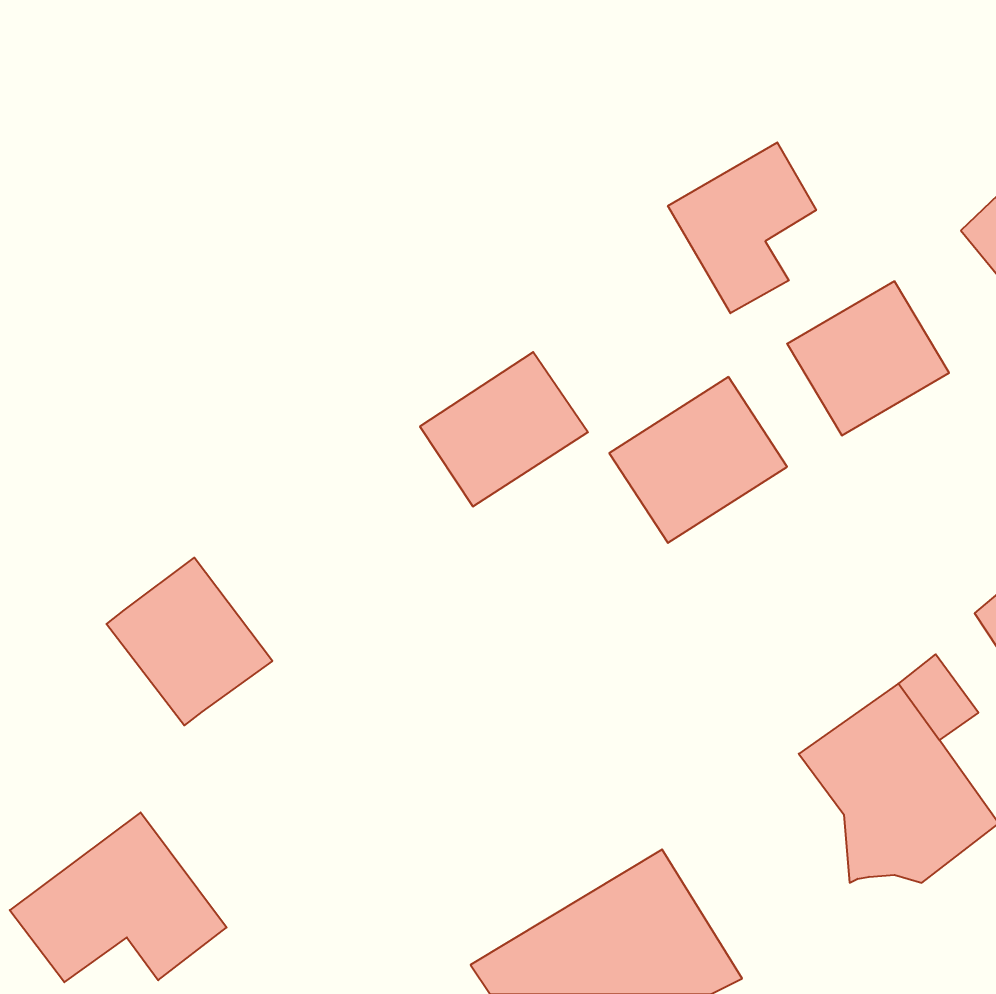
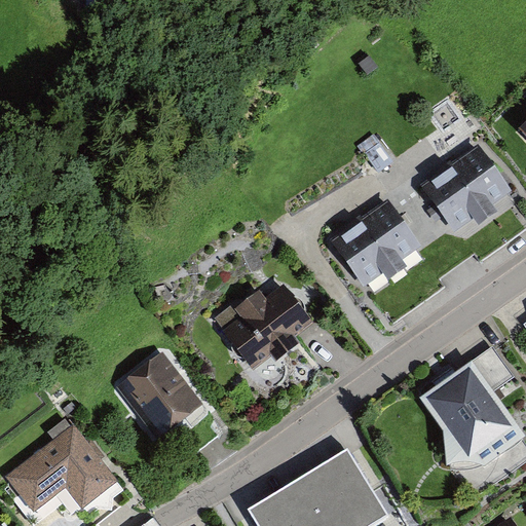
building: [668,142,816,313] -> none
building: [420,352,588,506] -> [217,288,305,369]
building: [106,558,272,725] -> [118,353,205,442]

